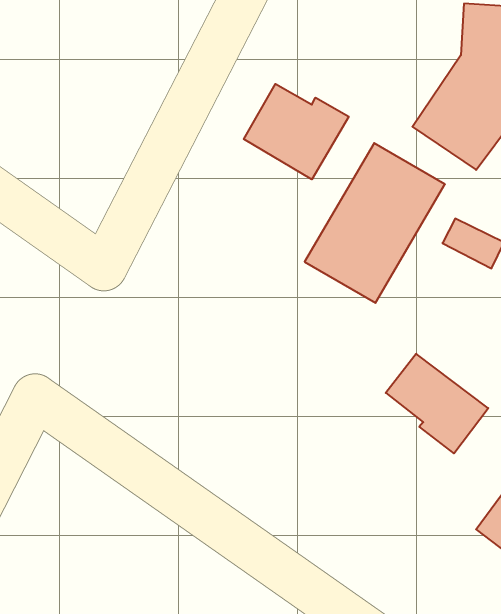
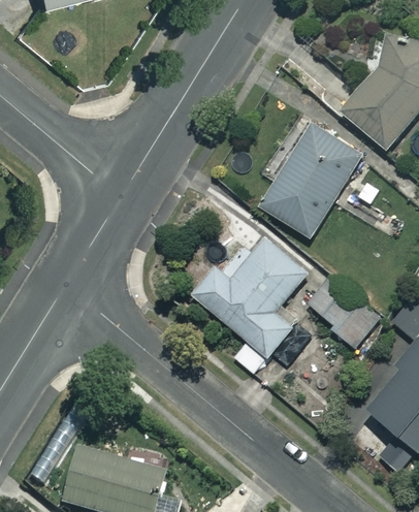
building: [244,84,349,179] -> none
building: none -> [193,235,310,378]

